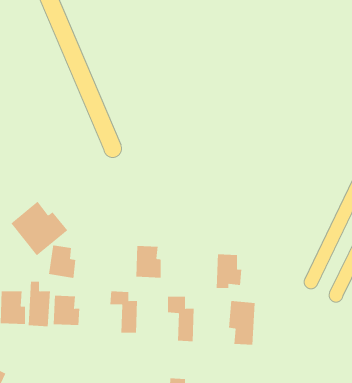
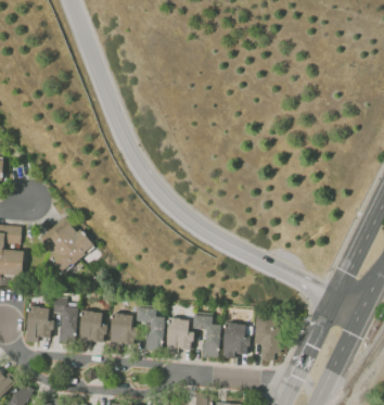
building: [48,245,76,278] -> [108,313,137,346]
building: [136,245,162,278] -> [166,318,192,351]
building: [216,254,242,289] -> [222,324,248,358]

